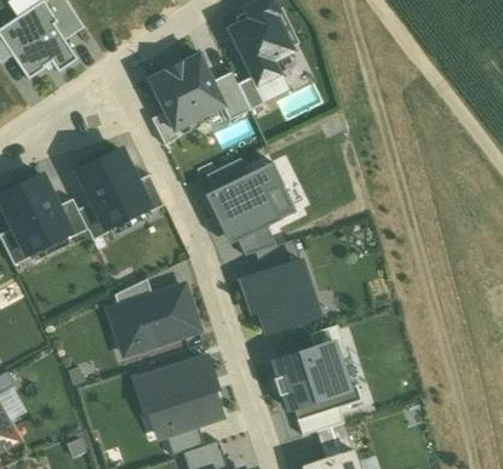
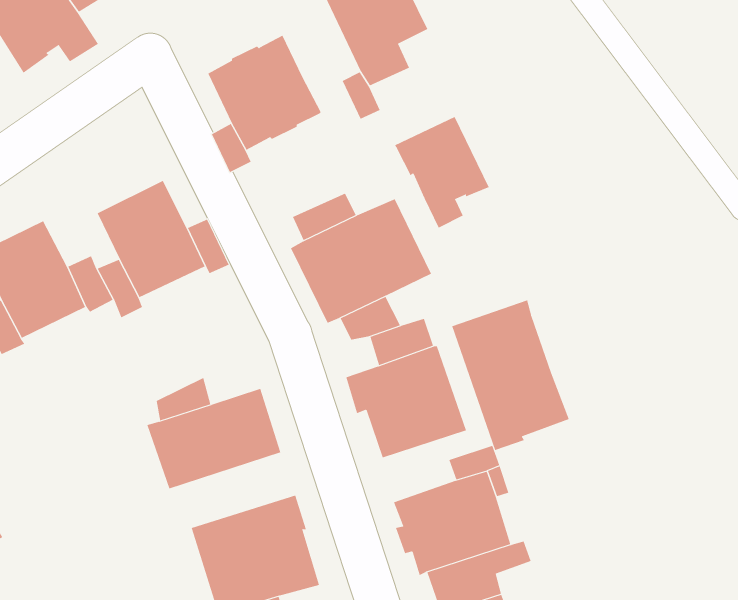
building: [212,72,250,119] -> none
building: none -> [394,116,489,228]
building: none -> [452,299,569,451]

